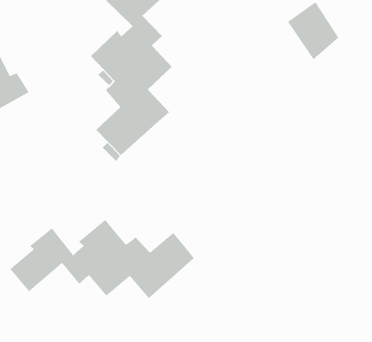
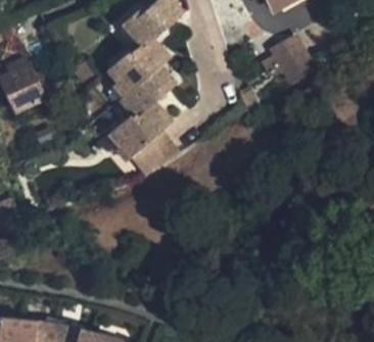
building: [10,219,195,299] -> none

